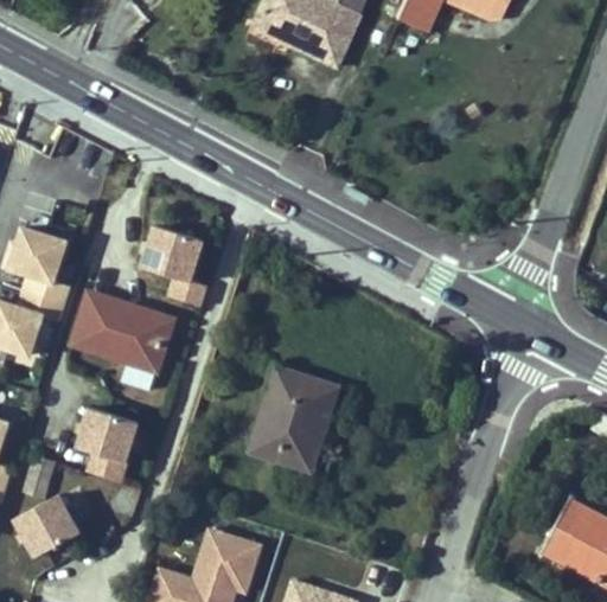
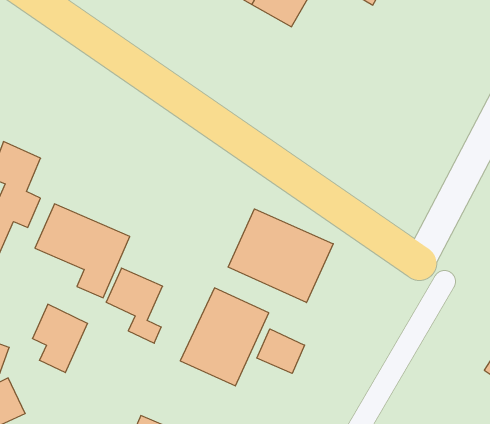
building: [142,225,207,306] -> [106,268,163,343]
building: none -> [228,209,333,303]
building: none -> [257,329,305,373]

